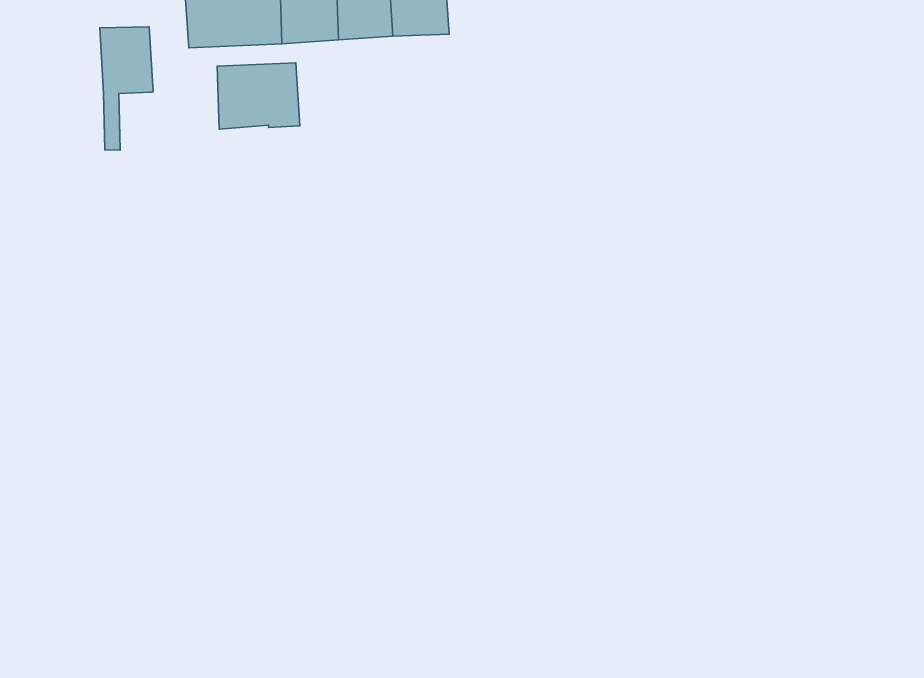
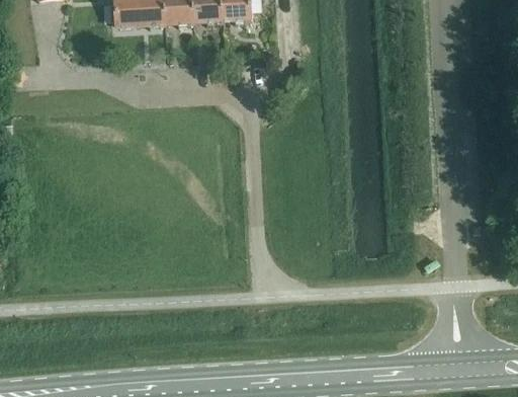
building: [100,27,153,150] -> none
building: [217,63,300,129] -> none

